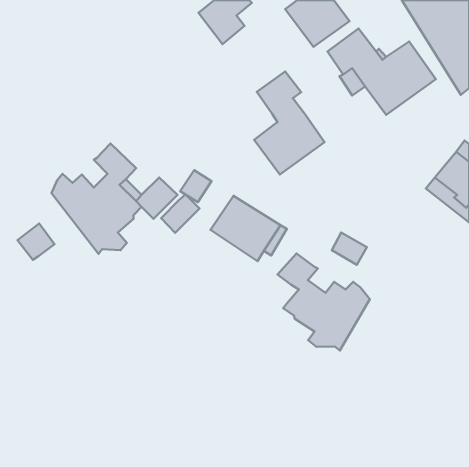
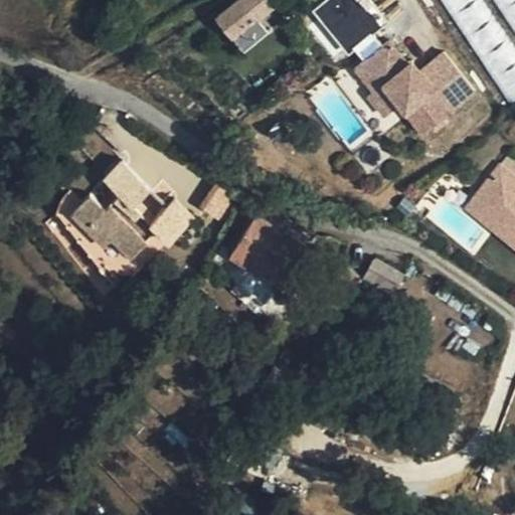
building: [254,71,325,174] -> none
building: [161,194,200,233] -> none
building: [18,224,54,260] -> none
building: [278,254,370,351] -> none

